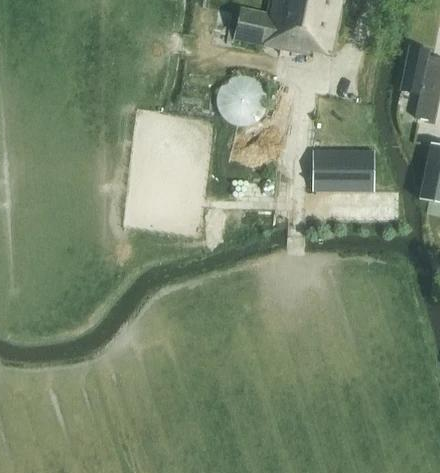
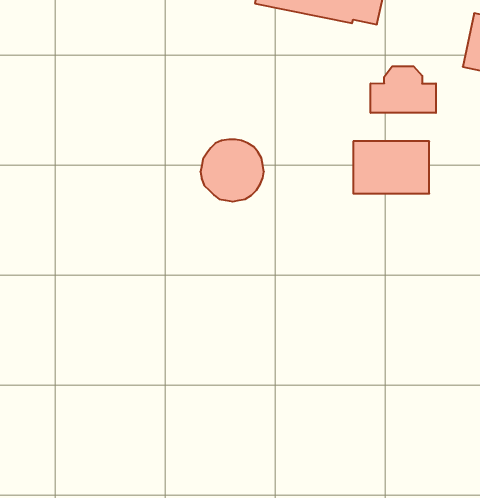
building: [216,75,267,125] -> [200,139,264,202]
building: none -> [371,66,436,113]

